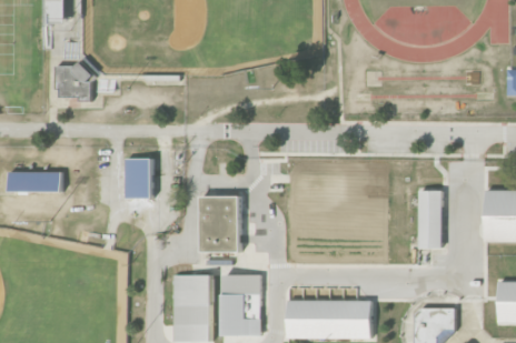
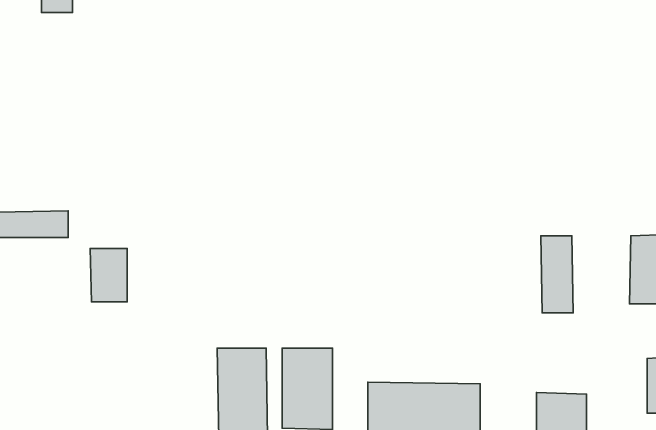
building: [56,64,90,99] -> none
building: [126,158,153,198] -> [90,249,127,302]
building: [200,194,239,252] -> none

